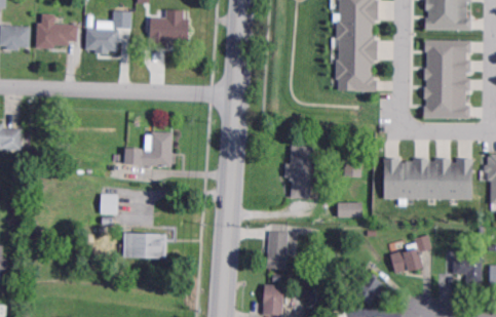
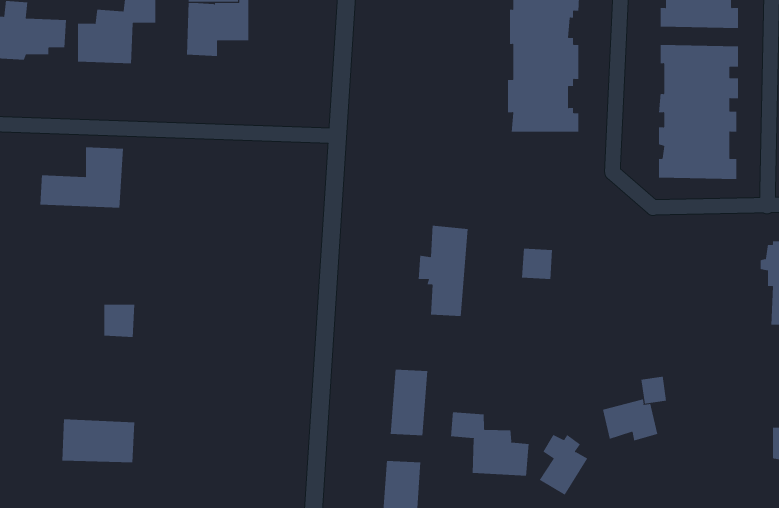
building: [124,131,174,167] -> [40,147,124,208]
building: [382,159,471,206] -> none
building: [337,203,361,220] -> none
building: [123,232,166,257] -> [61,419,135,463]
building: [453,255,482,282] -> none
building: none -> [450,411,529,477]

